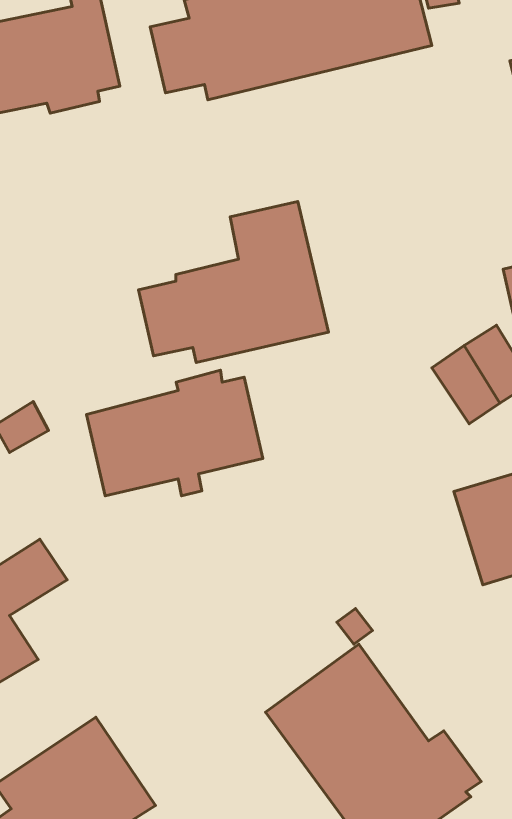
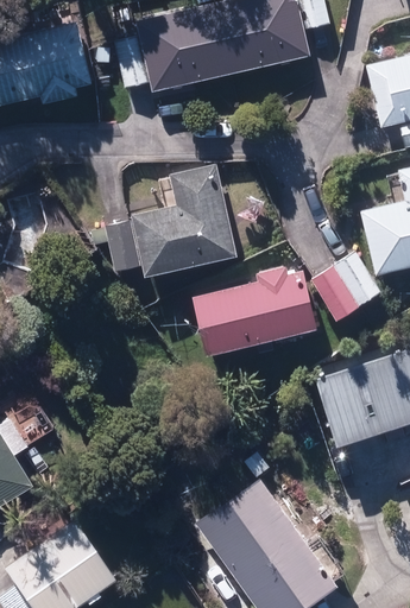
building: [86,370,263,496] -> [193,267,316,355]

